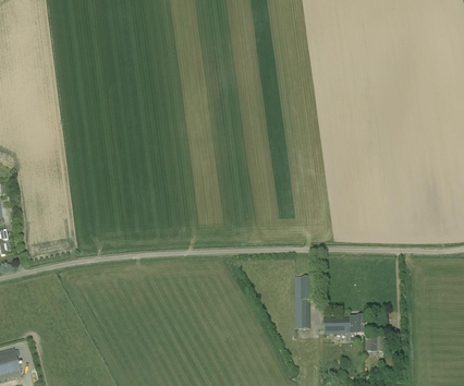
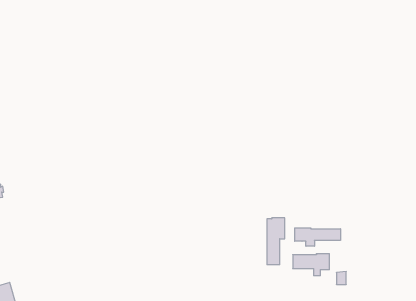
building: none -> [295,228,340,246]

